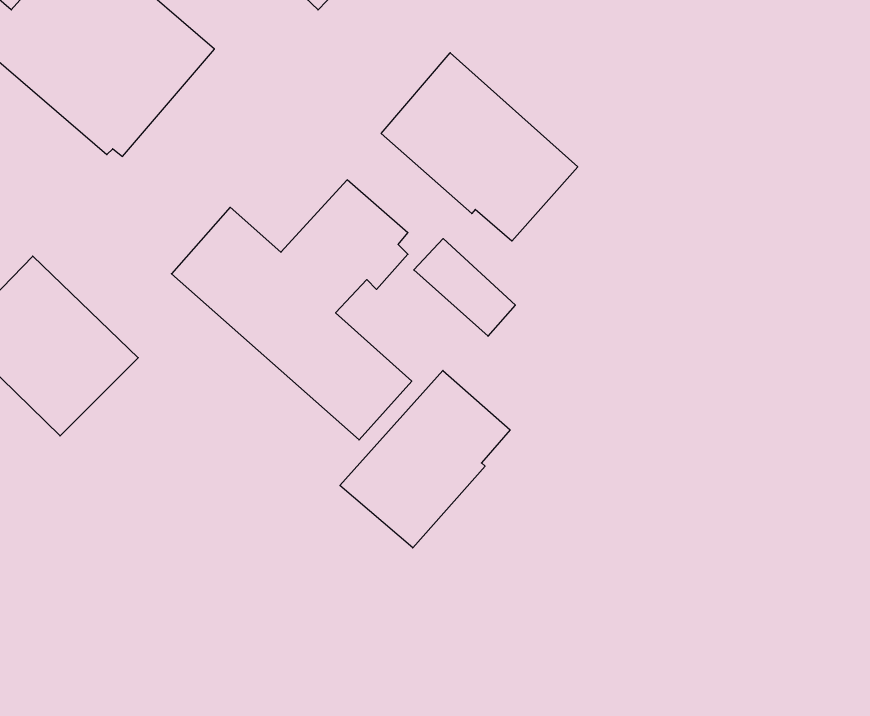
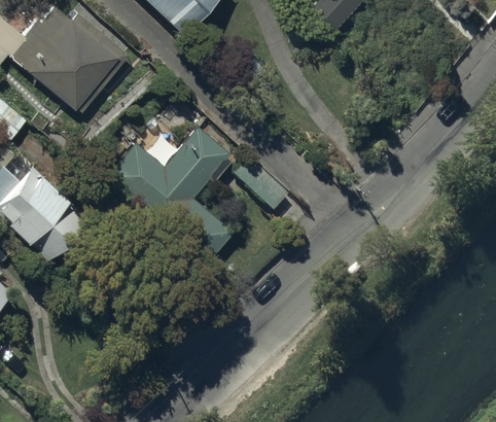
building: [381,53,578,241] -> none
building: [340,370,510,548] -> none

